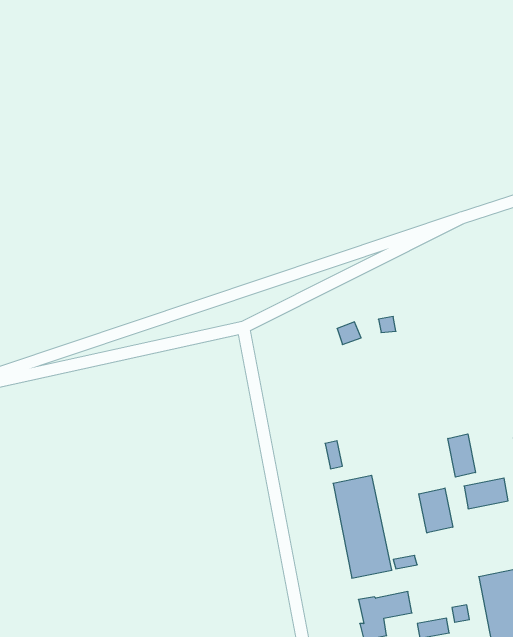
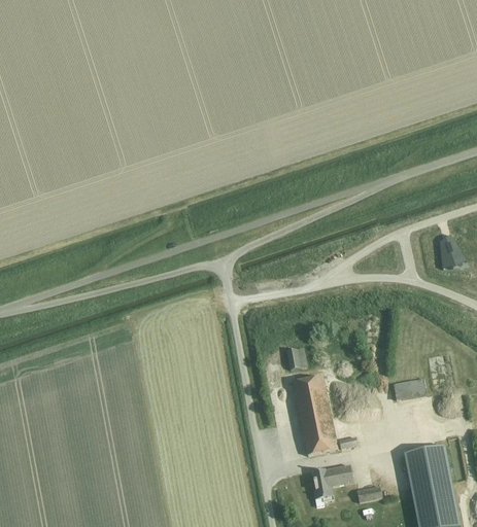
building: [448,434,475,477] -> none
building: [419,488,453,533] -> none

